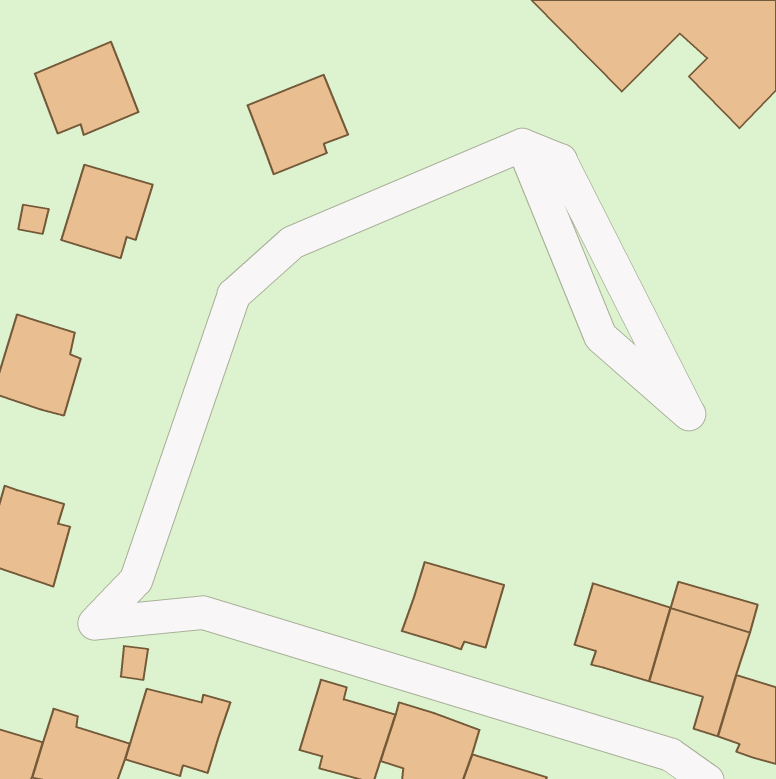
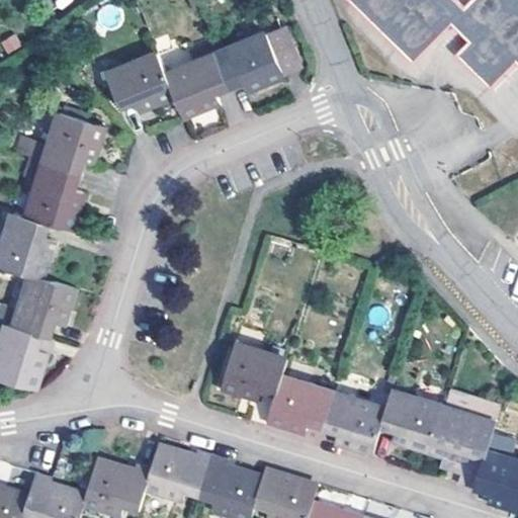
building: none -> [214,24,299,90]
building: [35,42,139,135] -> [105,51,174,112]
building: none -> [24,160,81,228]
building: none -> [11,272,76,337]
building: none -> [221,340,287,401]
building: none -> [322,388,387,452]
building: none -> [145,444,212,500]

